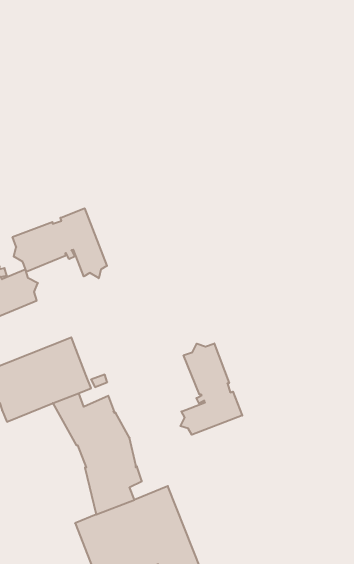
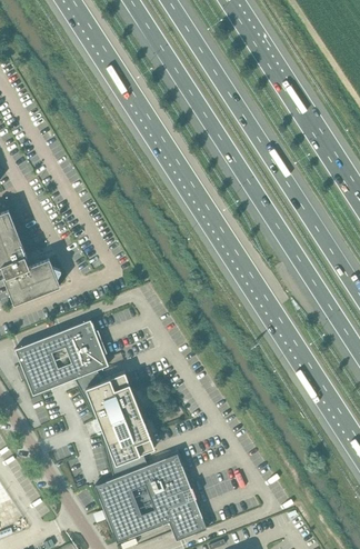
building: [13,208,107,278] -> none
building: [180,343,242,435] -> none

